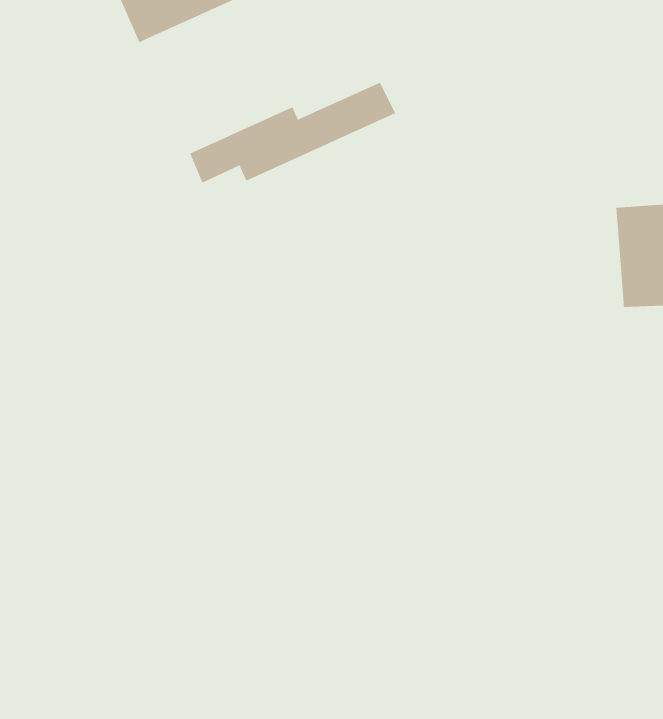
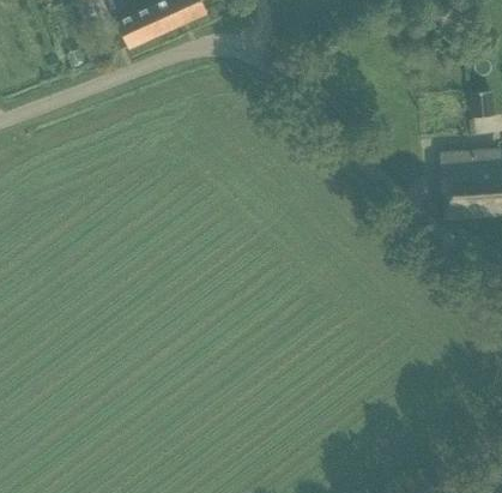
building: [190,82,396,183] -> none

